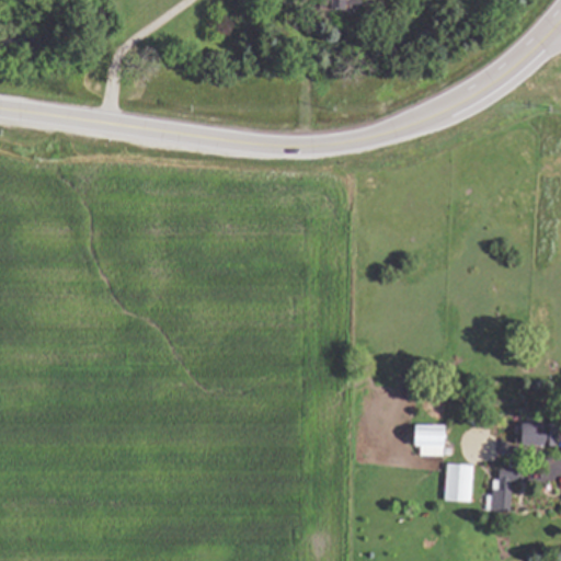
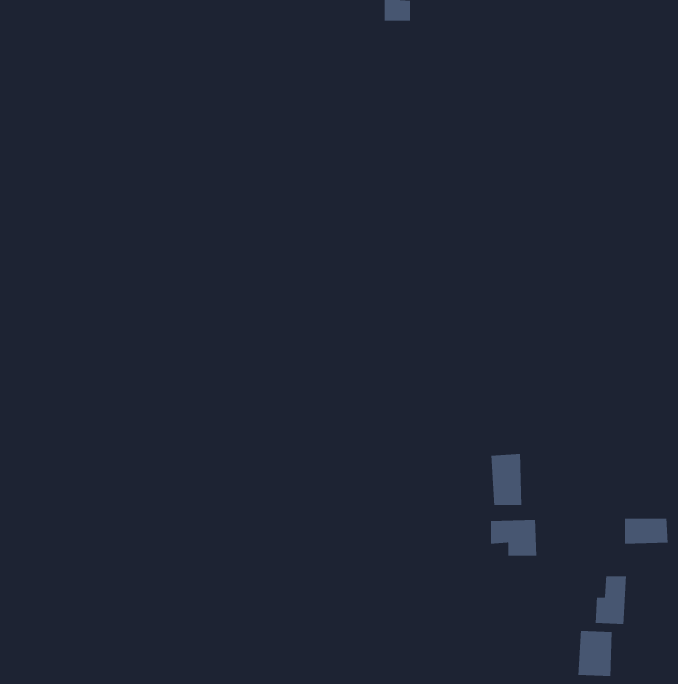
building: none -> [491,453,522,506]
building: [445,462,473,501] -> [577,630,612,677]

